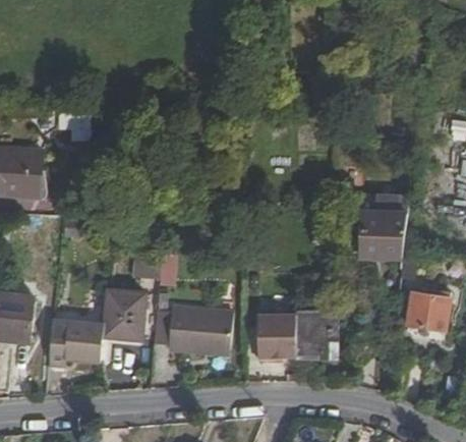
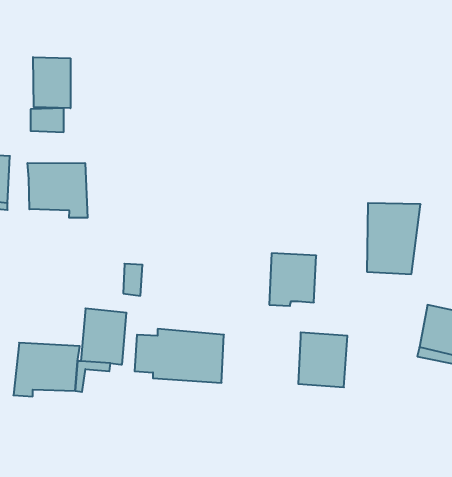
building: none -> [33,57,70,108]
building: none -> [28,163,88,218]
building: [259,313,301,360] -> [269,253,316,306]

